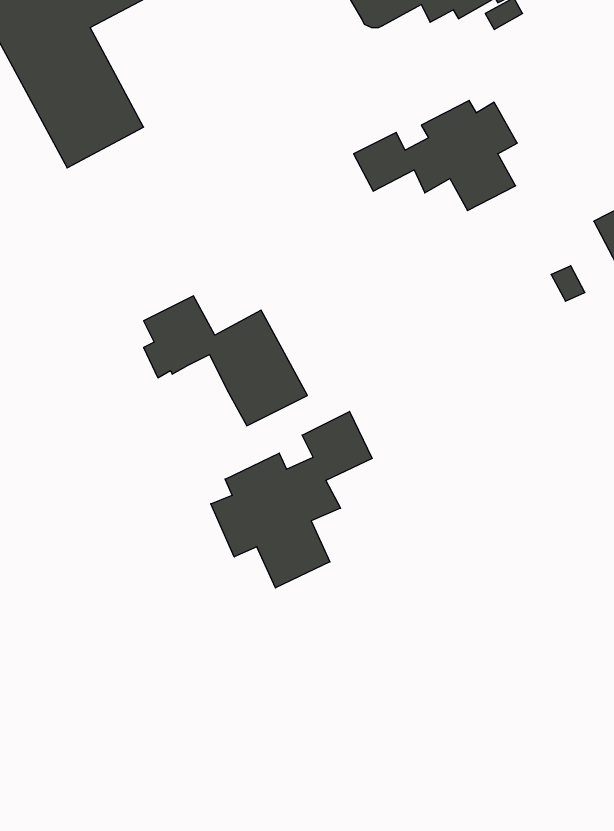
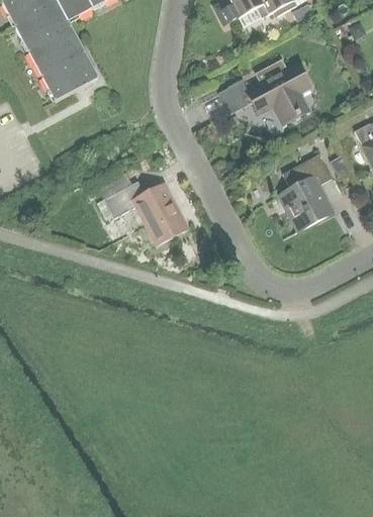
building: none -> [279,153,333,230]
building: [211,411,372,588] -> none

